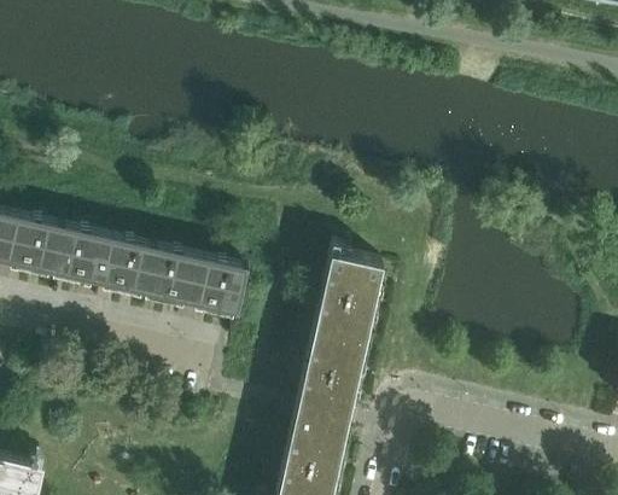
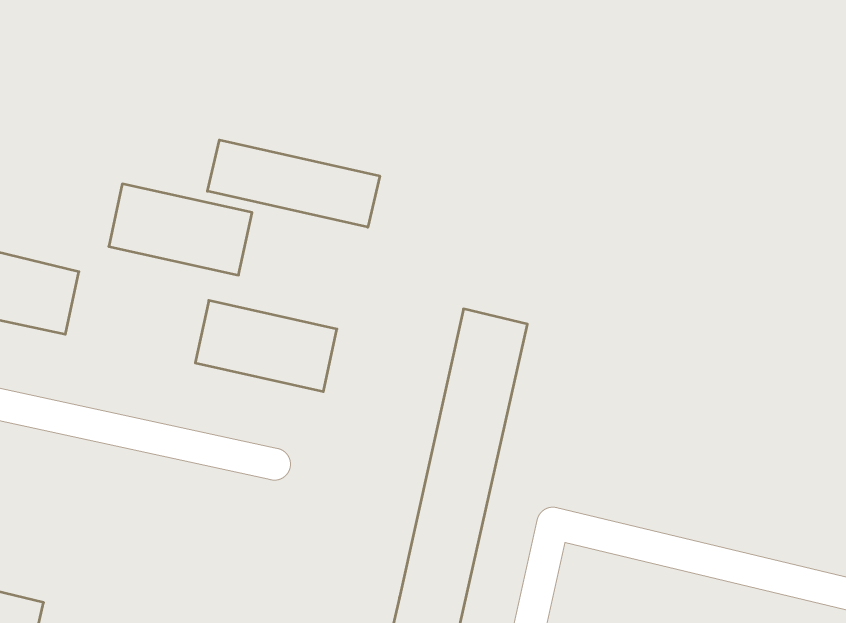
building: none -> [207,140,380,227]
building: [51,227,153,292] -> [109,184,252,275]

